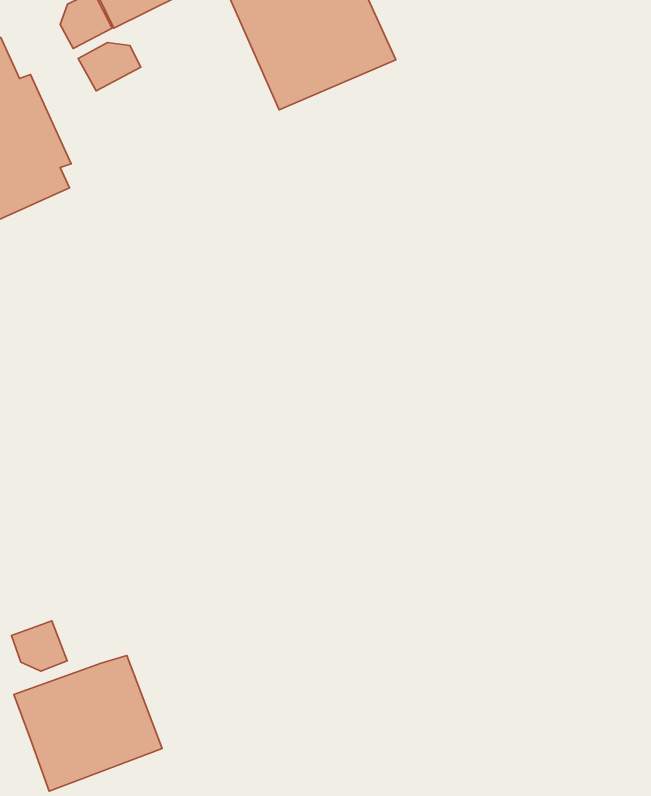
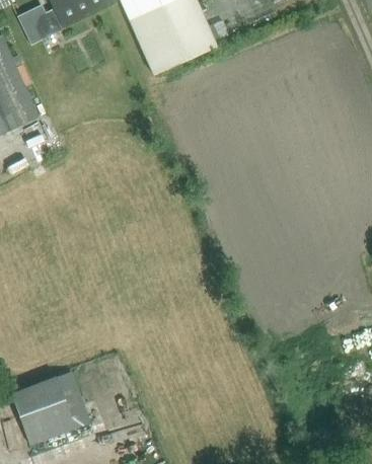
building: [78,43,141,91] -> none
building: [11,621,67,671] -> none

